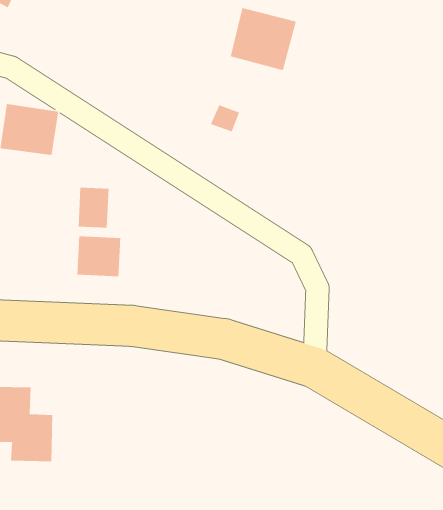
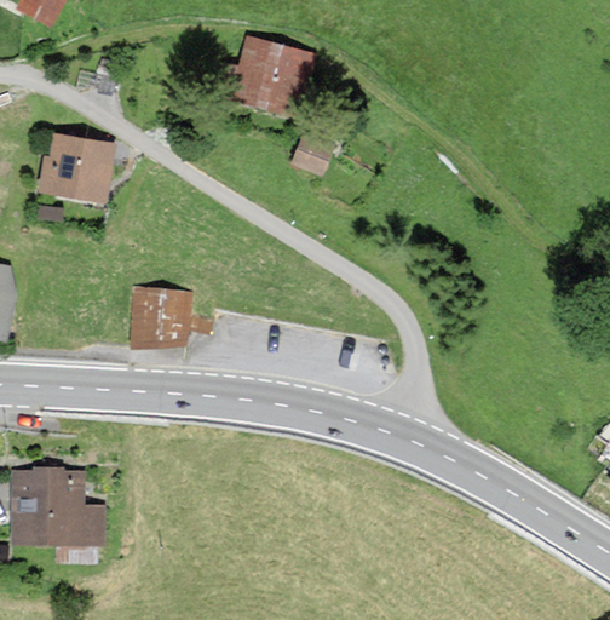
building: [230,7,297,71] -> [232,36,312,113]
building: [78,187,109,228] -> none

